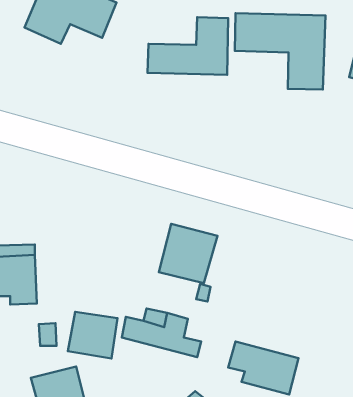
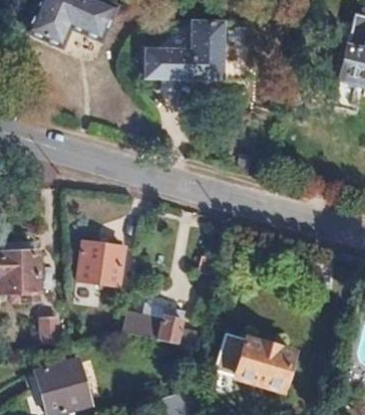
building: [235,13,325,89] -> none
building: [159,224,218,283] -> none
building: [68,312,118,359] -> [74,241,122,286]

